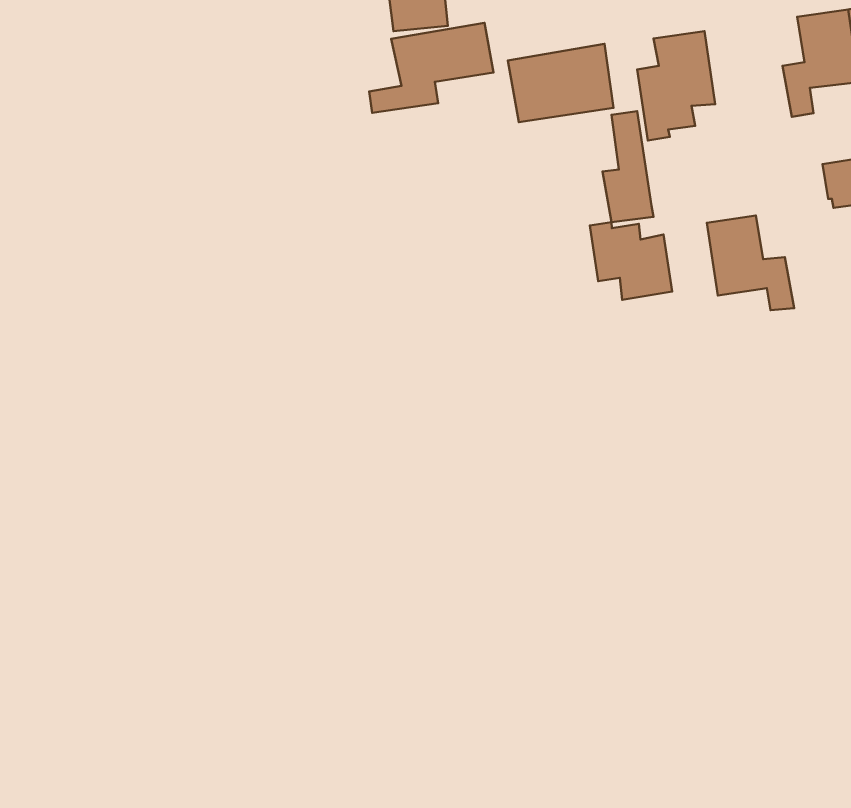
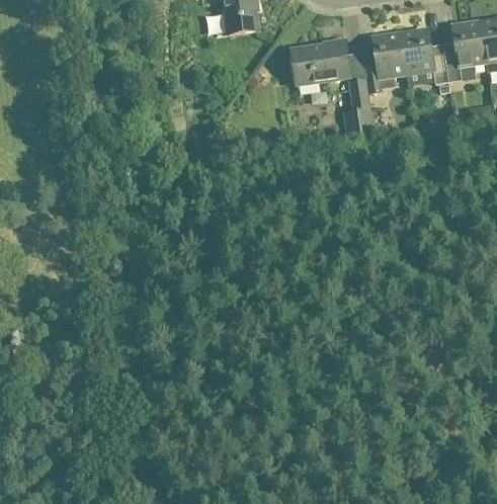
building: [369,23,493,113] -> none
building: [707,215,794,310] -> [401,28,449,81]
building: [590,222,672,300] -> none

